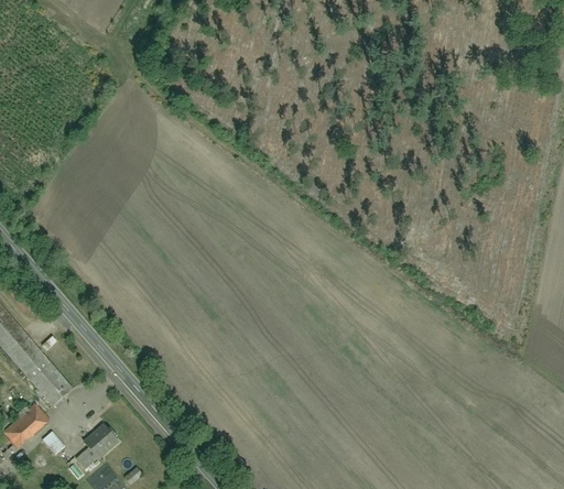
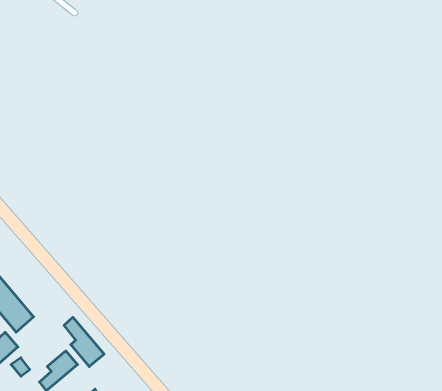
building: none -> [64,317,104,367]

